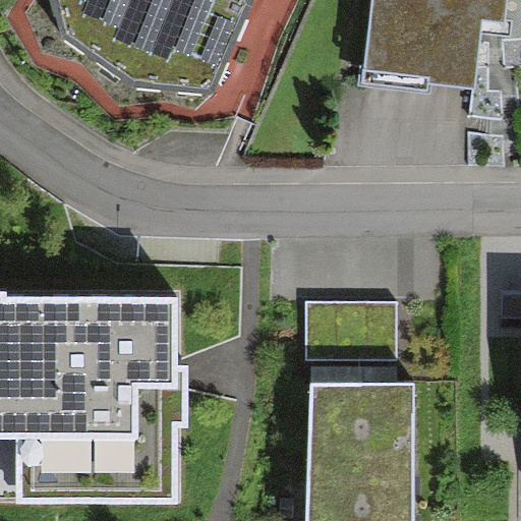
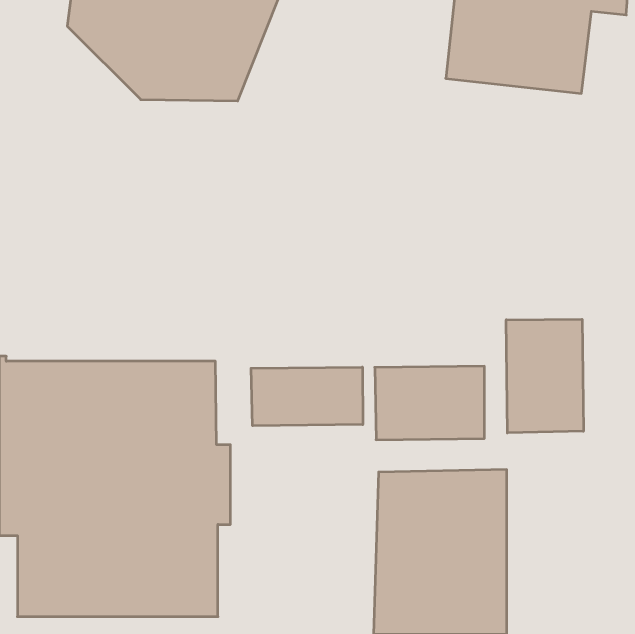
building: none -> [506,319,583,433]
building: none -> [251,367,363,426]

